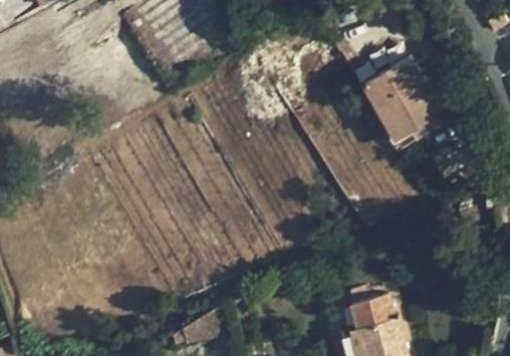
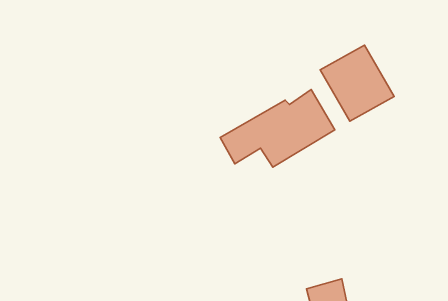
building: none -> [220,90,335,167]

